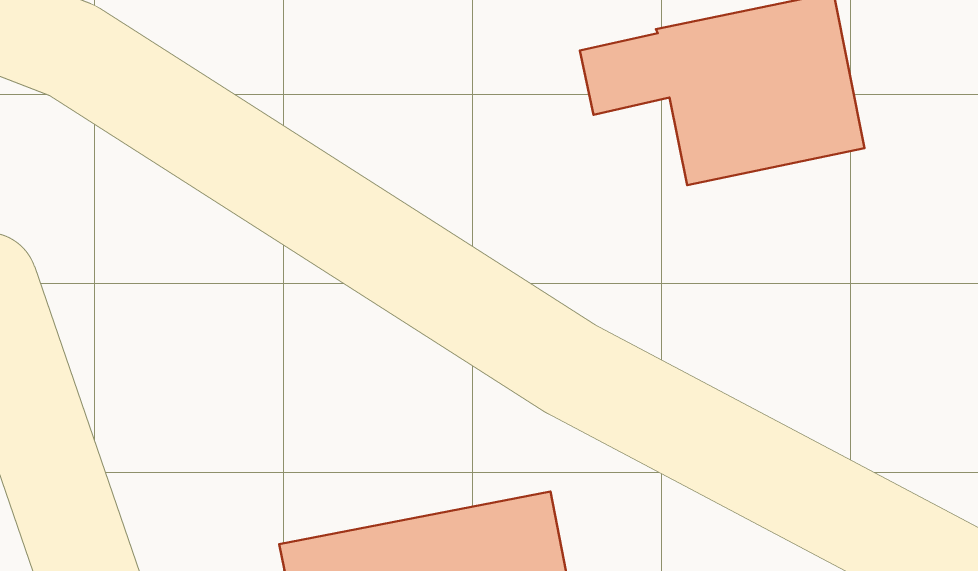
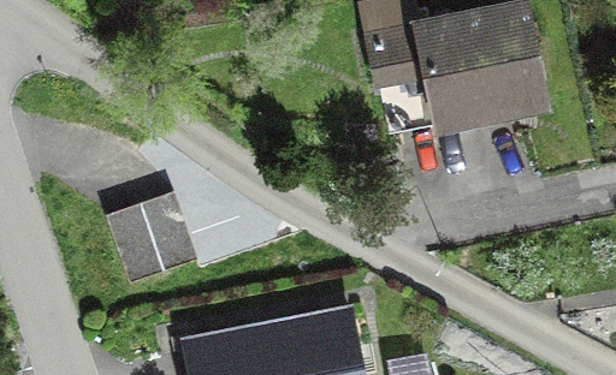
building: none -> [103,194,196,285]

